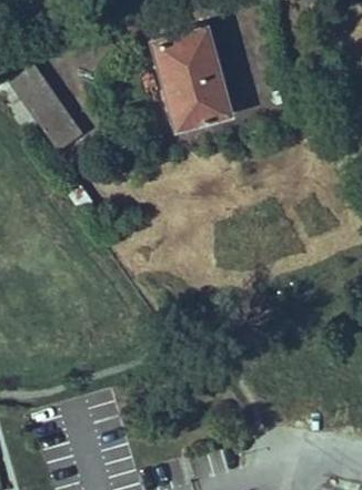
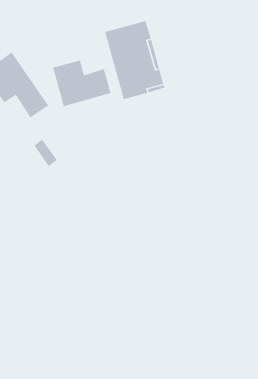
building: none -> [52,59,112,107]

